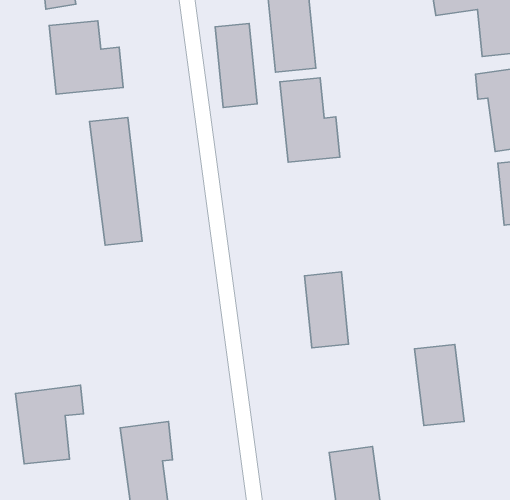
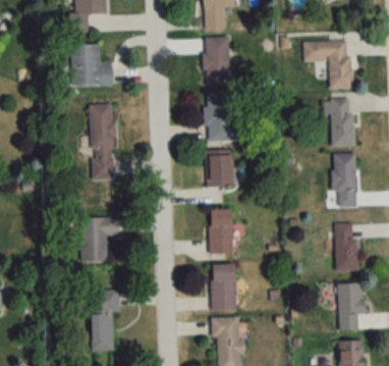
building: [215,23,257,107] -> none
building: none -> [207,150,232,187]
building: [415,345,464,426] -> [211,264,236,311]
building: [15,385,84,464] -> [78,217,118,261]

